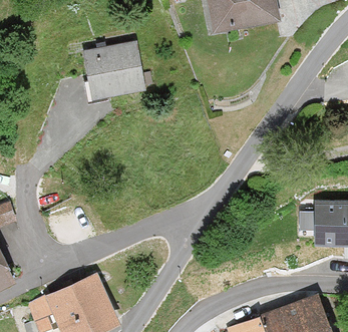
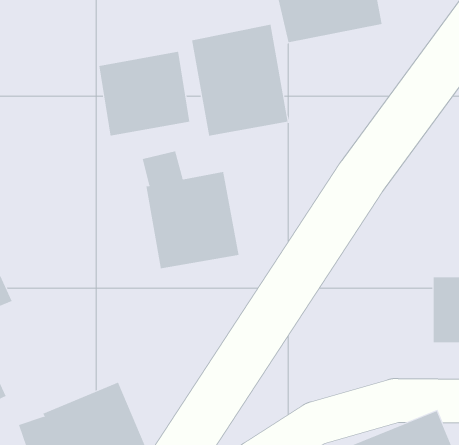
building: none -> [192,24,288,136]
building: none -> [142,150,239,269]

